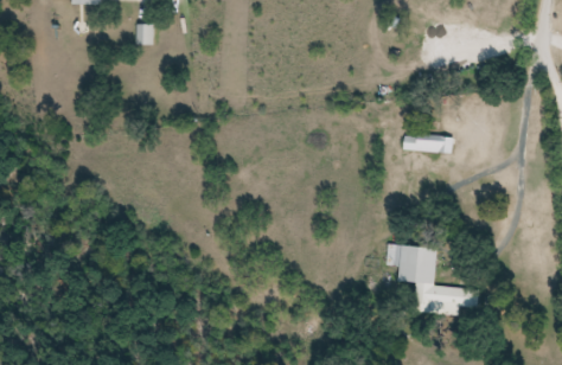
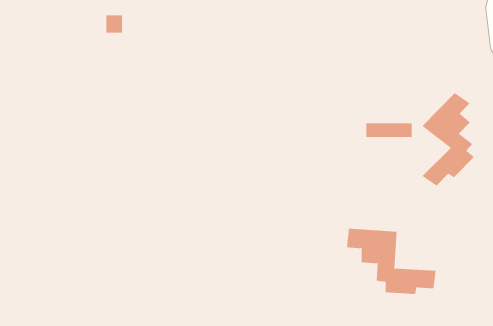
building: none -> [422,92,475,186]

